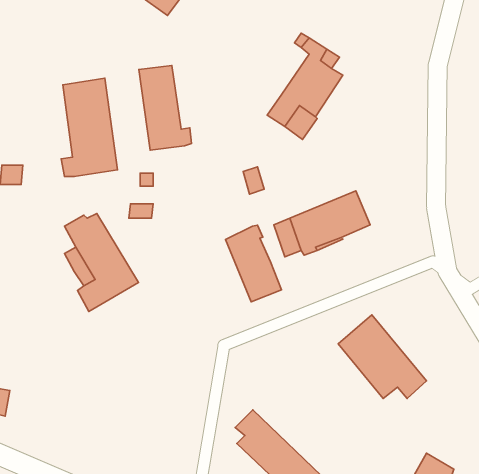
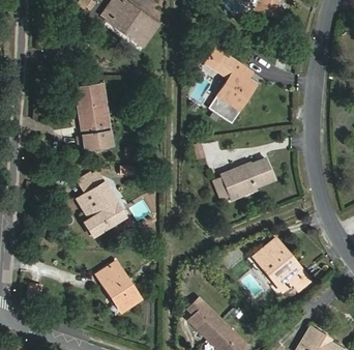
building: [139,65,192,150] -> none
building: [225,225,281,302] -> none
building: none -> [95,260,140,309]

